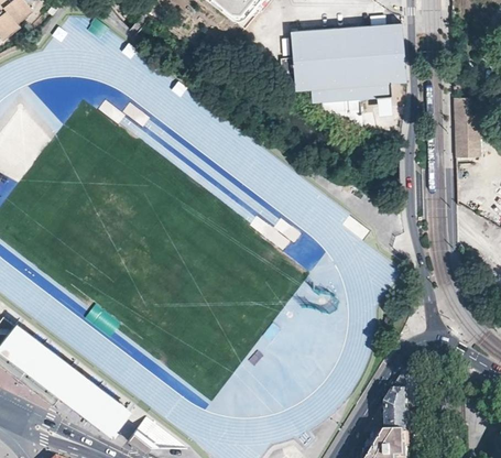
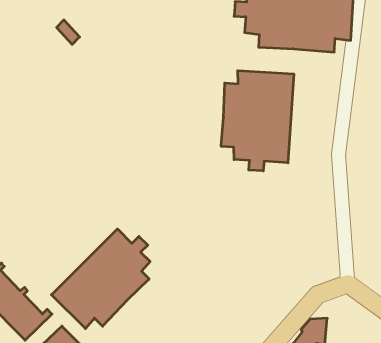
building: none -> [221,71,294,171]
building: none -> [51,229,150,329]

